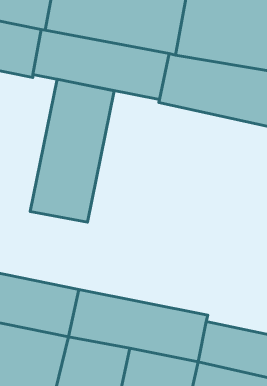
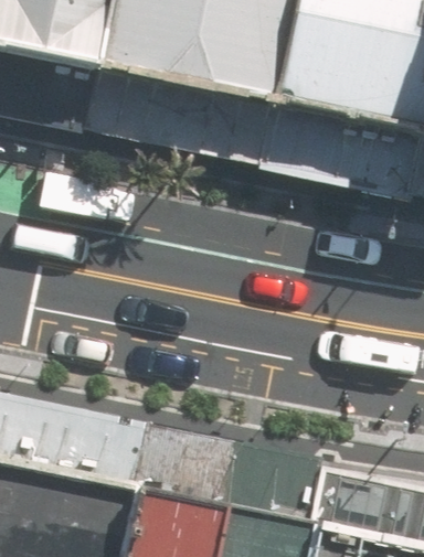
building: [30,79,114,222] -> none

